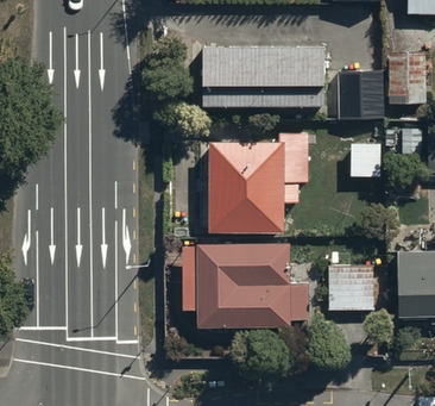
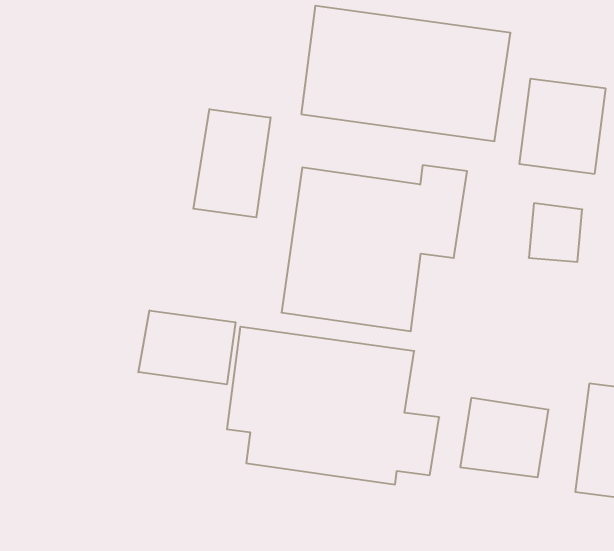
building: none -> [193,109,271,217]
building: none -> [138,310,236,384]

